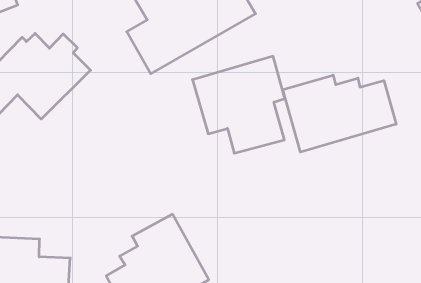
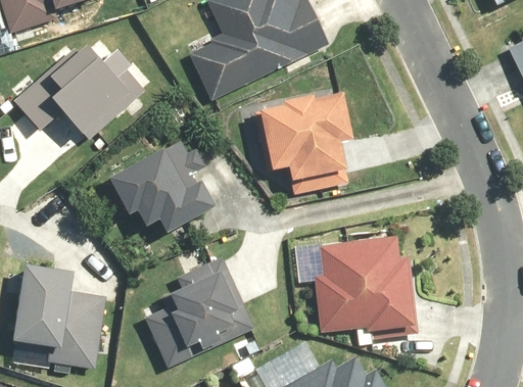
building: [283,75,396,152] -> none
building: none -> [111,141,218,233]
building: none -> [315,237,417,338]

